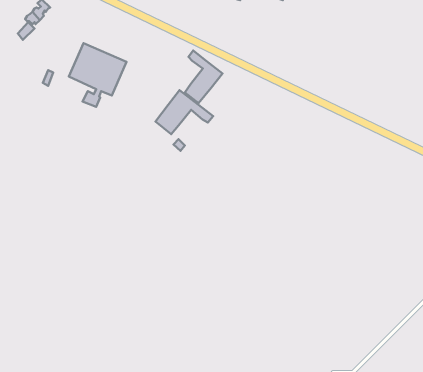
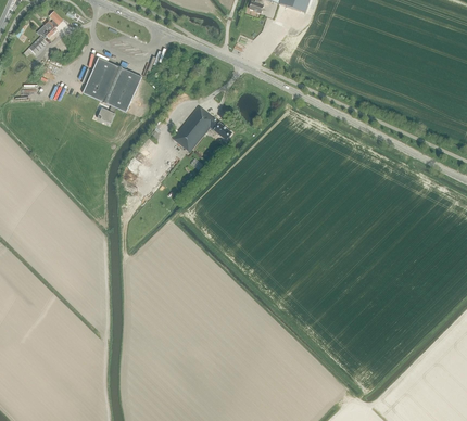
building: [185,51,222,103] -> none

